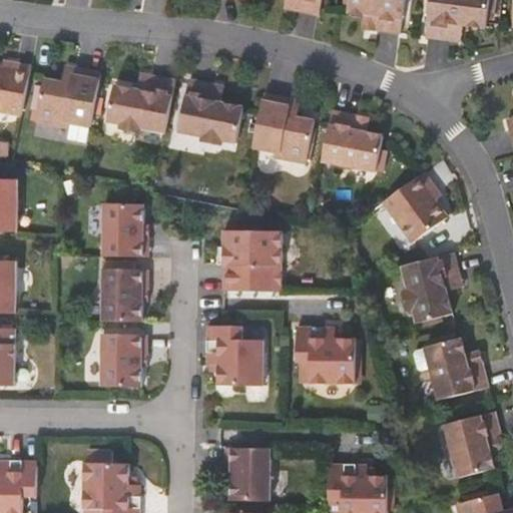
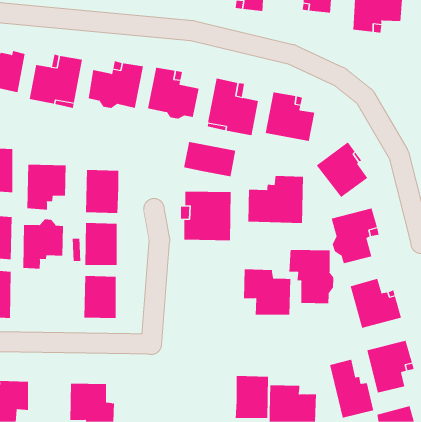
building: none -> [184,141,236,177]
building: none -> [27,164,66,210]
building: none -> [248,175,303,224]
building: none -> [23,219,63,269]
building: none -> [289,249,334,304]
building: [205,327,261,386] -> none
building: none -> [330,359,374,419]
building: [227,449,269,501] -> [235,376,269,419]

